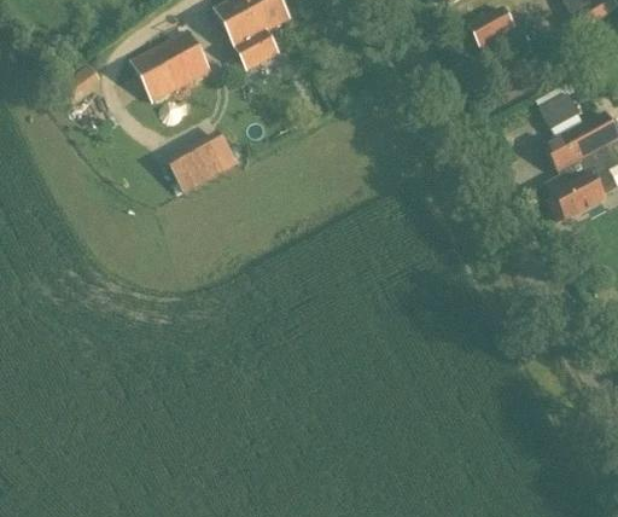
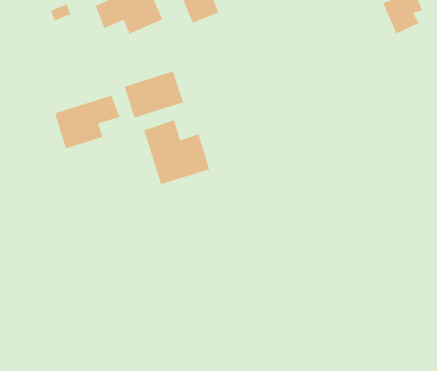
building: none -> [54,95,120,149]
building: none -> [144,119,210,185]

